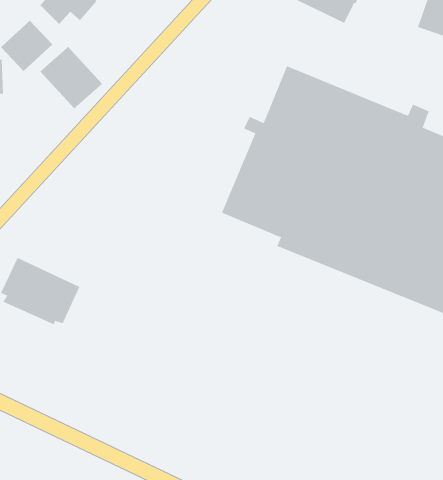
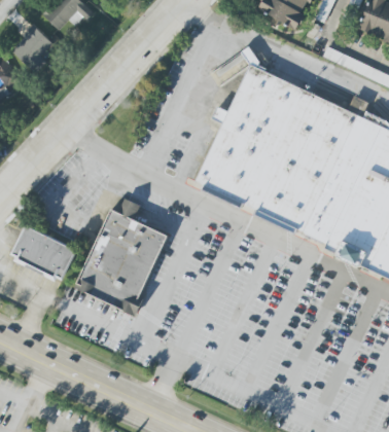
building: [39,46,103,109] -> none
building: none -> [74,209,168,316]

